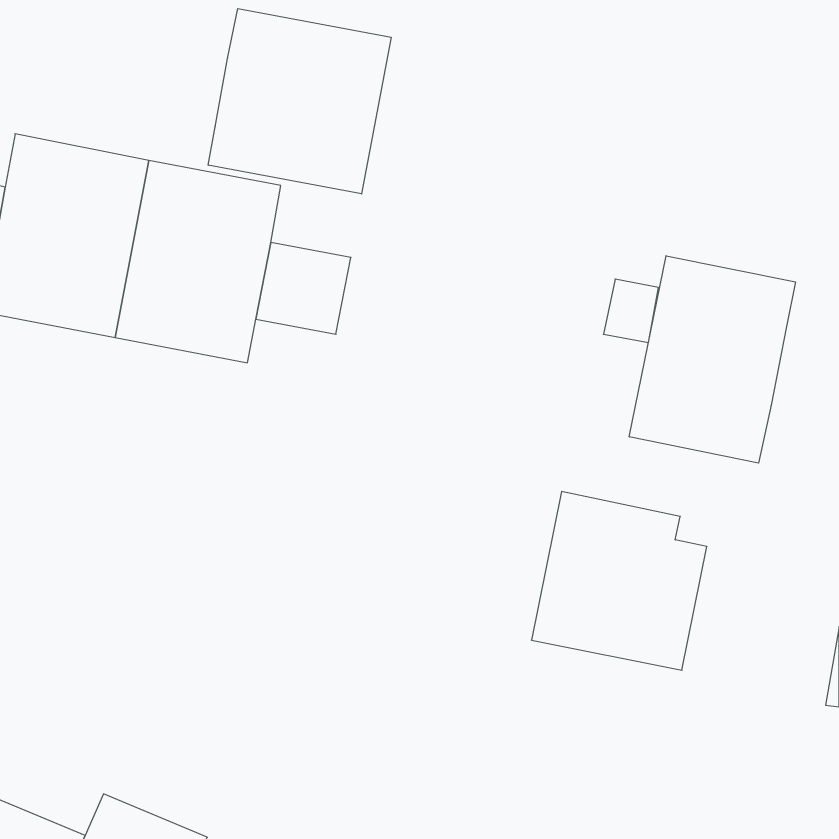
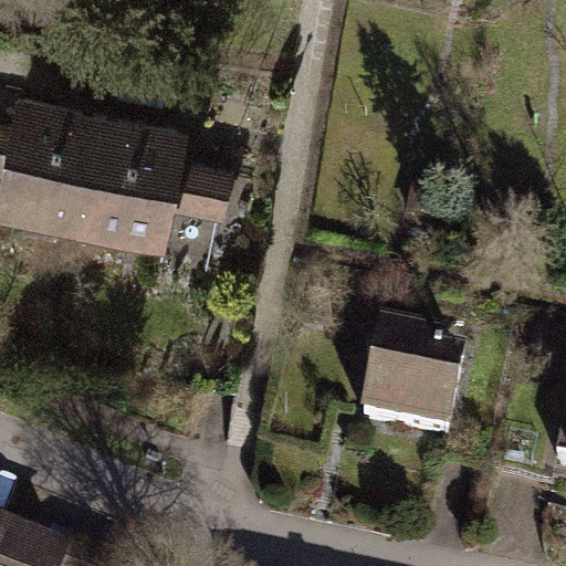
building: [208,9,391,194] -> none
building: [629,256,795,463] -> none

